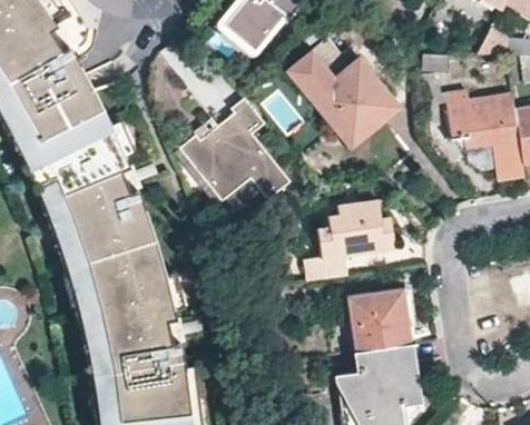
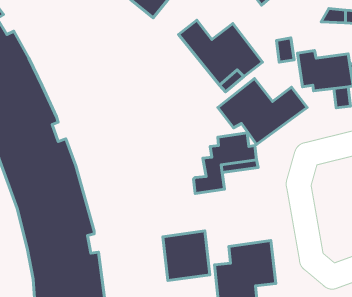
building: [184,99,297,204] -> none
building: none -> [218,79,307,144]
building: [350,285,412,350] -> [163,231,210,281]

